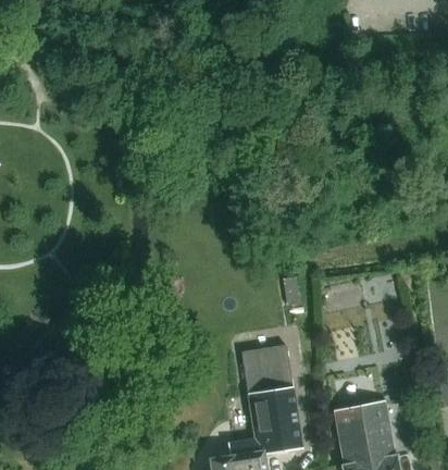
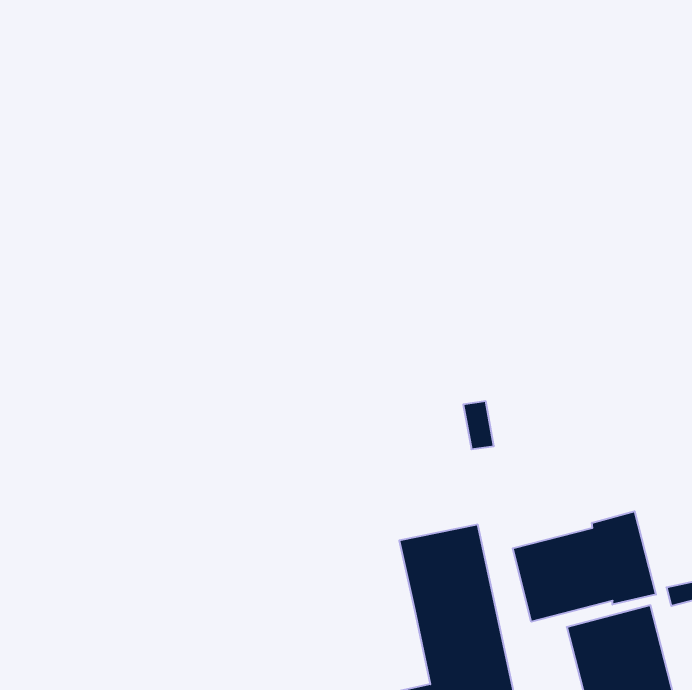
building: none -> [513,511,656,622]

